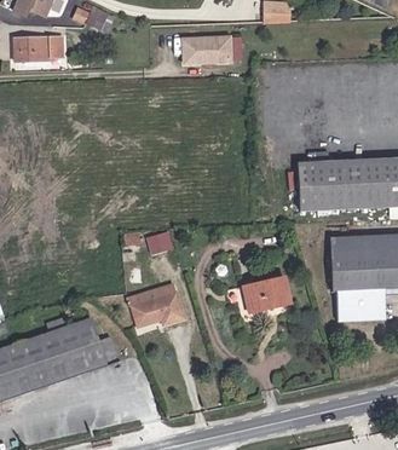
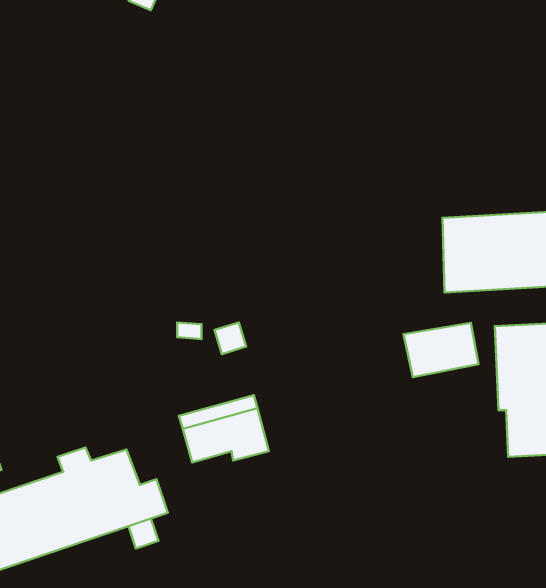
building: [16,36,64,59] -> none
building: [183,40,229,65] -> none
building: [243,278,292,313] -> [404,323,478,377]

